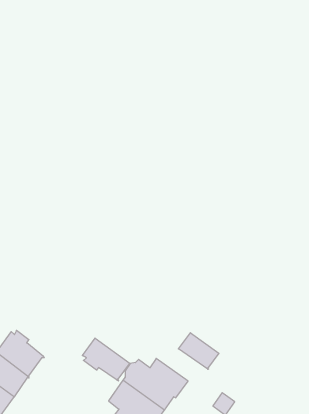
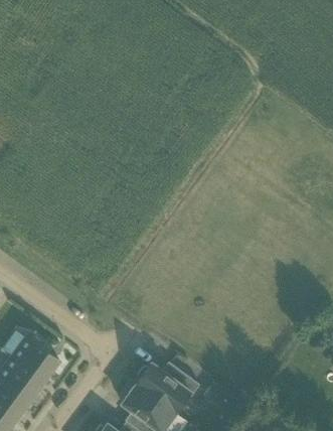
building: [178,333,219,369] -> none
building: [82,338,130,381] -> none

